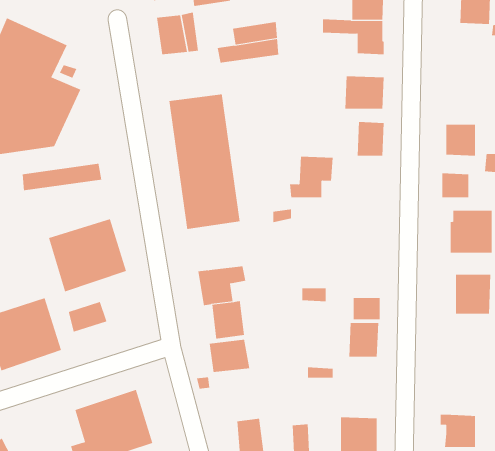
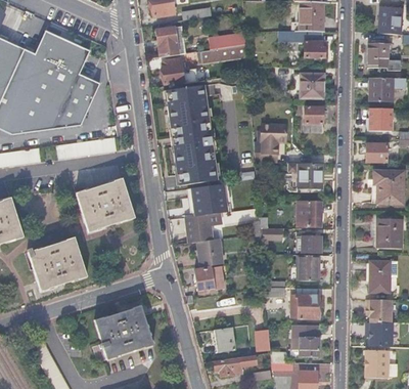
building: none -> [367,45,389,69]
building: none -> [161,59,196,84]
building: none -> [370,78,393,101]
building: none -> [288,163,322,189]
building: none -> [180,183,229,216]
building: none -> [298,202,322,227]
building: [68,301,107,333] -> none
building: none -> [368,261,391,294]
building: none -> [290,289,319,319]
building: none -> [365,300,389,323]

